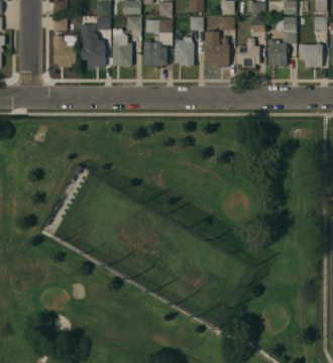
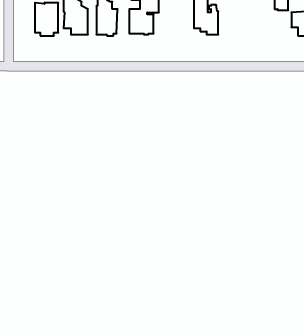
building: [237,37,259,67] -> none
building: [176,39,195,66] -> none
building: [268,39,289,66] -> none

